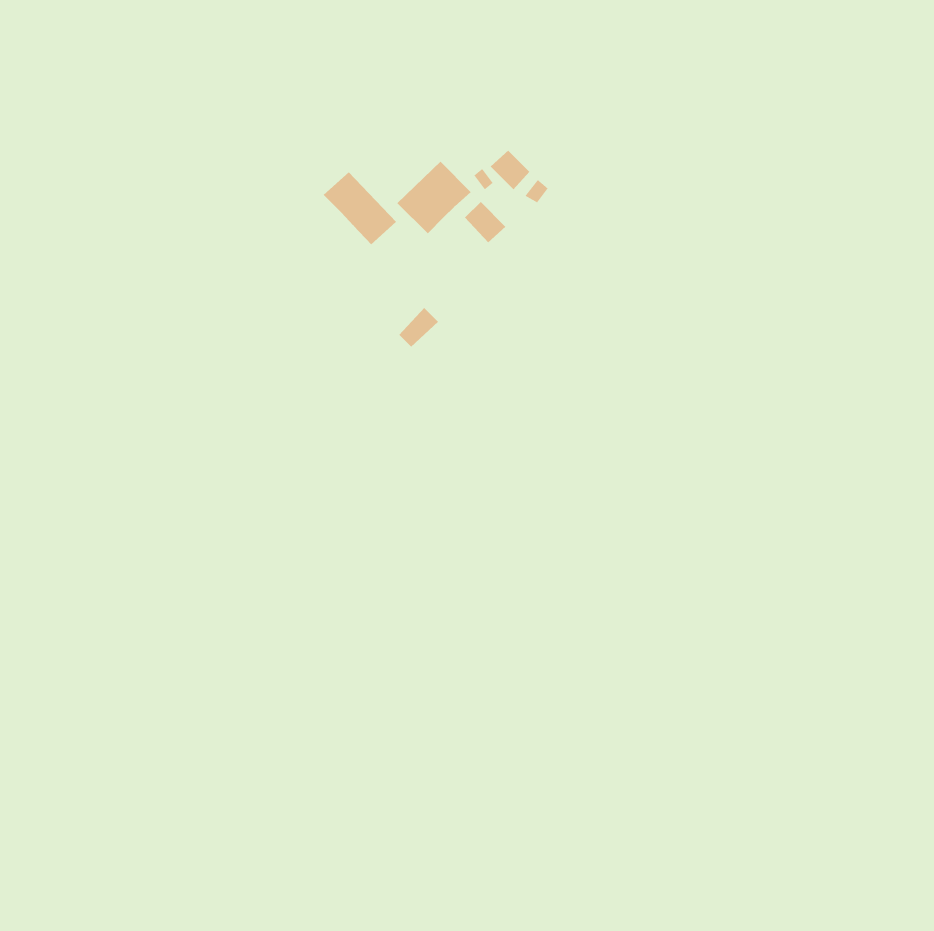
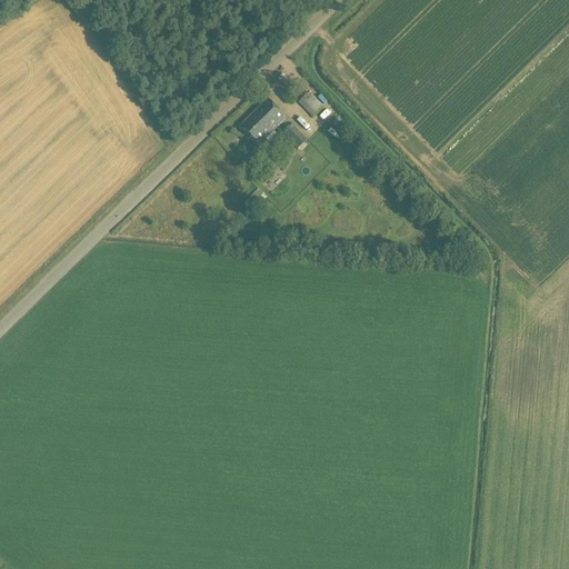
building: [323,172,397,245] -> none

